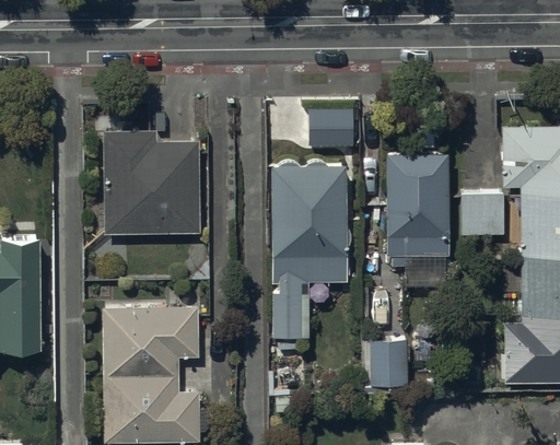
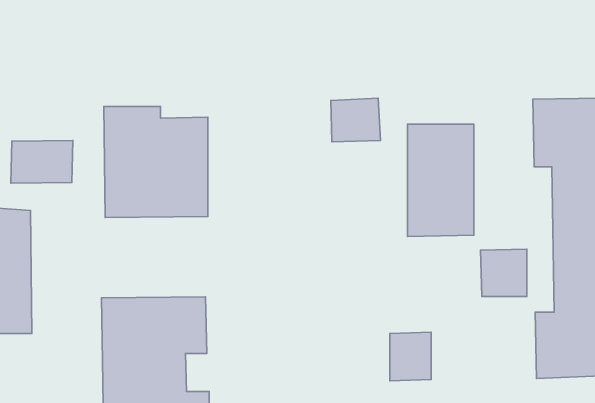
building: none -> [11,140,73,183]
building: [276,176,352,355] -> none
building: [459,190,502,234] -> [481,249,527,296]

